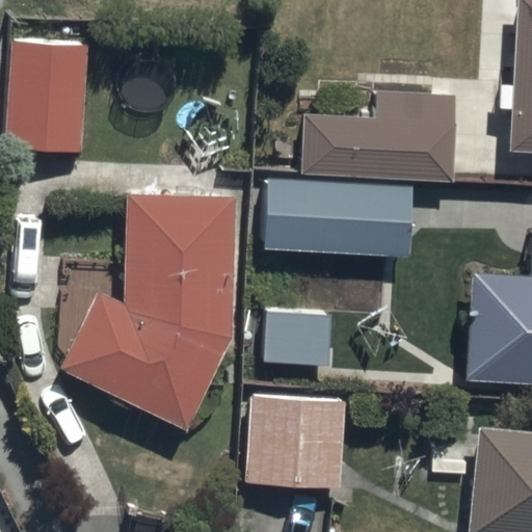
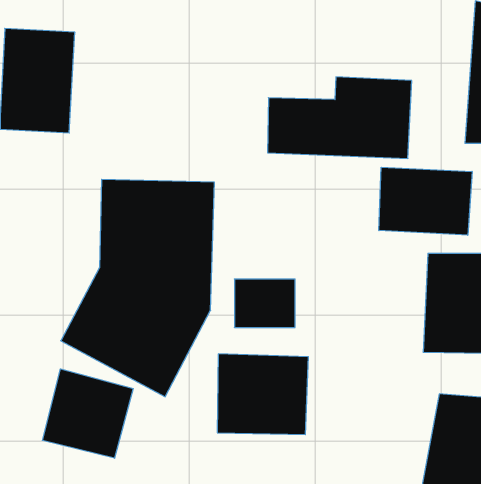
building: [265,182,417,258] -> none
building: none -> [379,167,472,235]
building: none -> [42,369,133,458]

